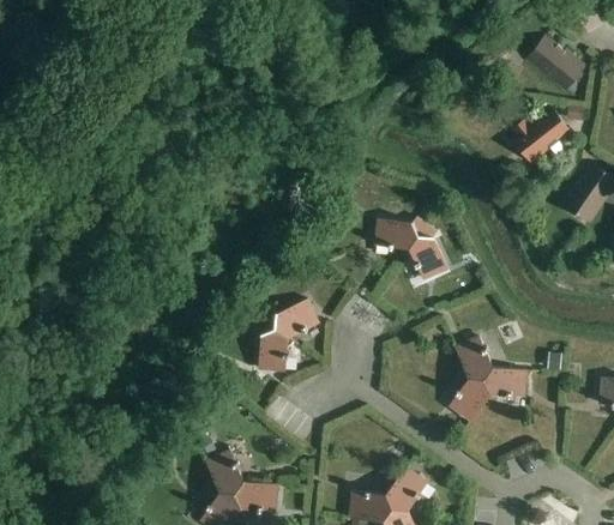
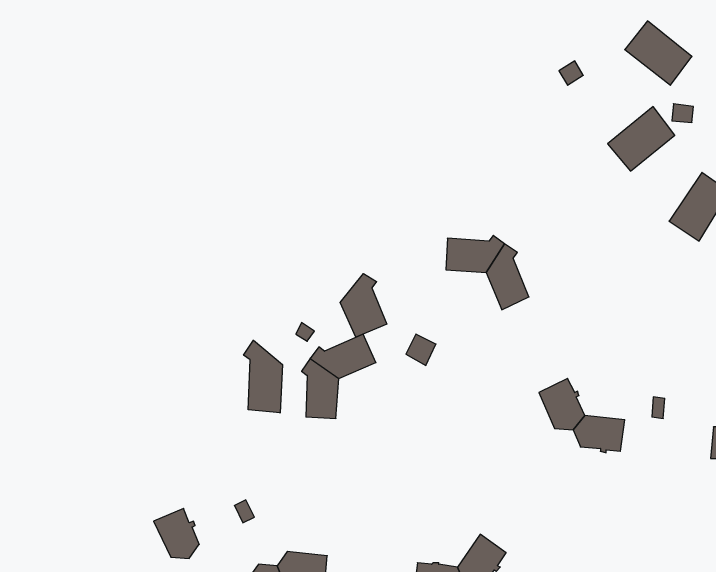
building: none -> [340,274,387,337]
building: none -> [244,340,282,413]
building: [447,379,488,422] -> none
building: [204,452,242,494] -> [154,508,199,558]

